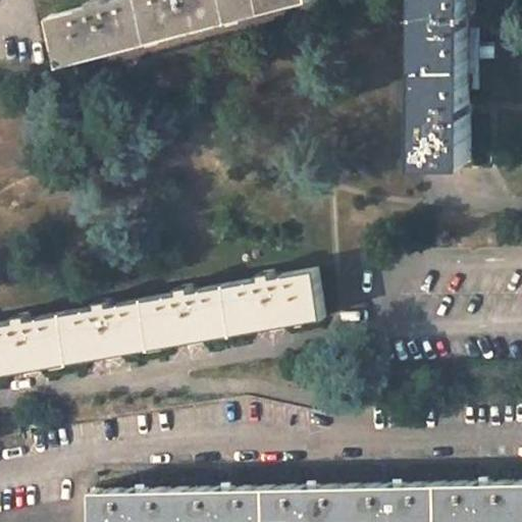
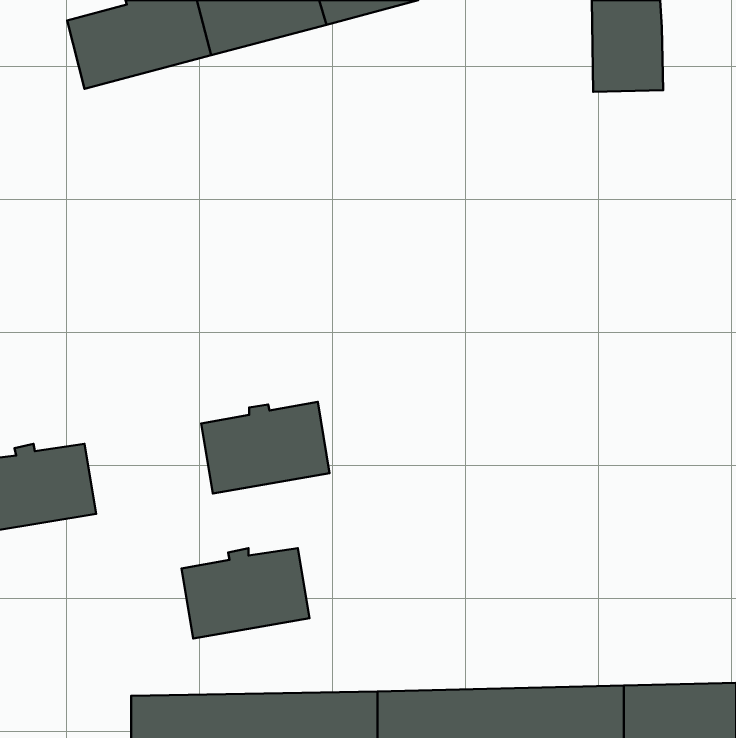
building: [415,67,466,164] -> none
building: [222,270,321,335] -> none
building: [59,301,149,364] -> [181,548,310,638]

